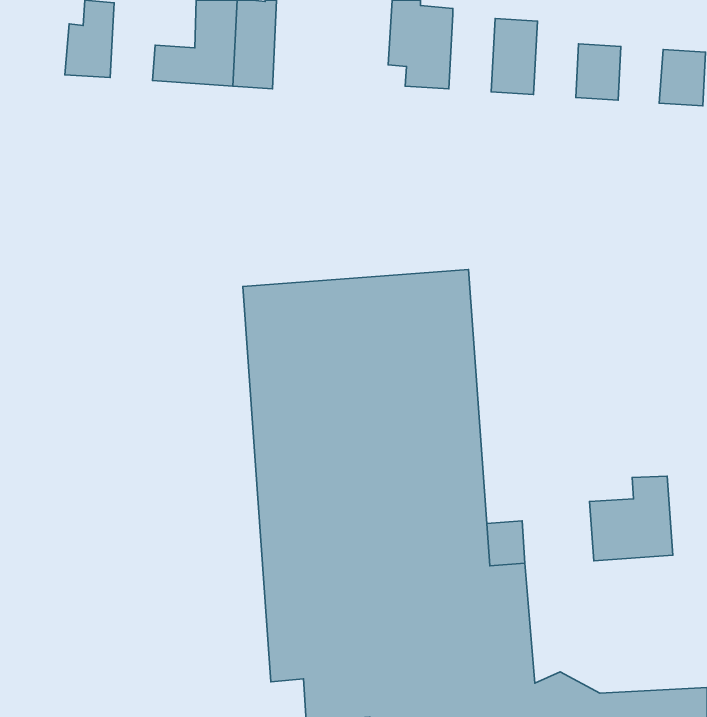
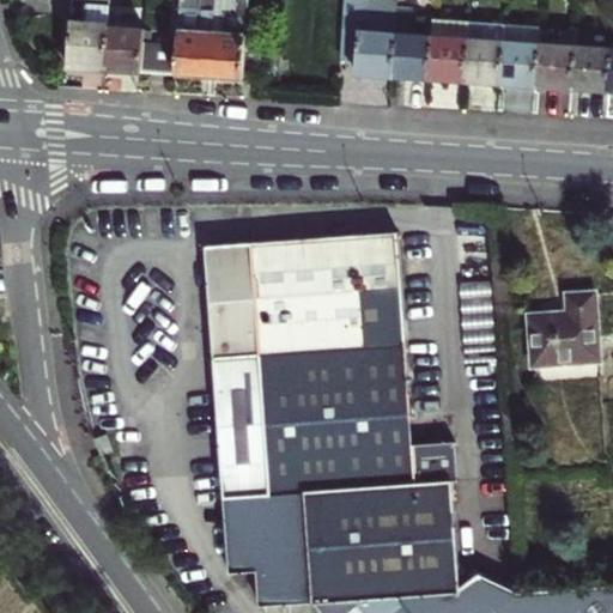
building: none -> [381,16,421,81]
building: none -> [453,22,492,86]
building: none -> [93,26,132,72]
building: none -> [524,43,563,91]
building: [590,476,673,561] -> [515,296,585,368]

